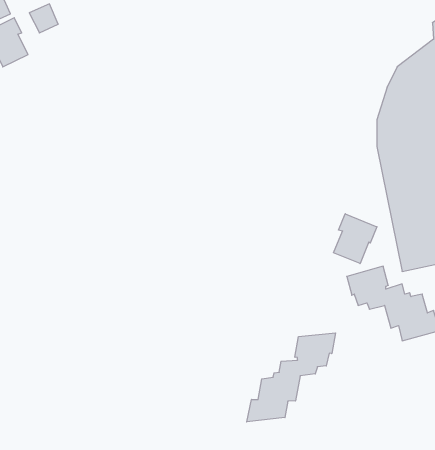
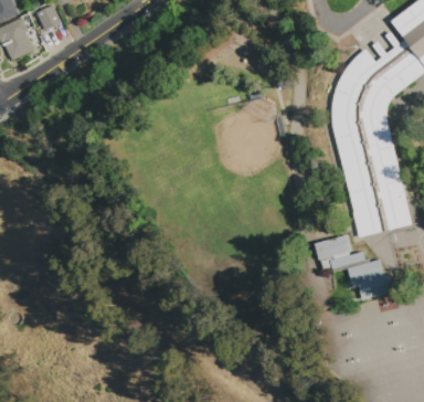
building: [334,214,377,264] -> none
building: [247,333,336,422] -> none

